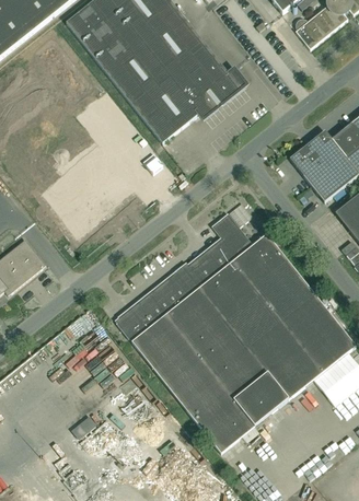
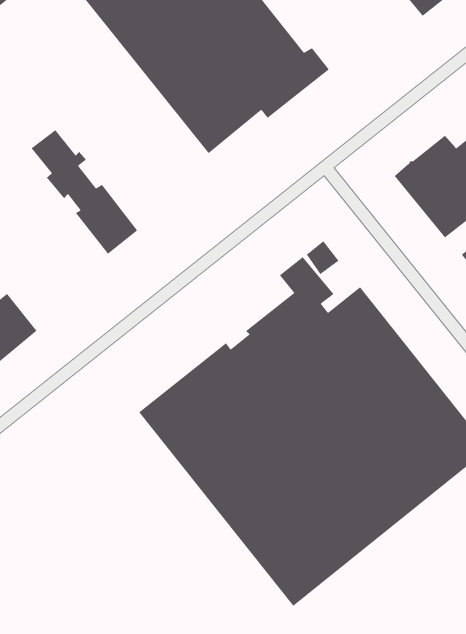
building: none -> [30,129,138,255]

